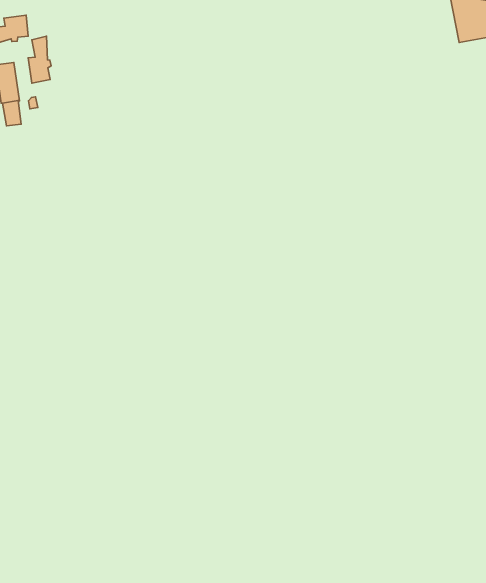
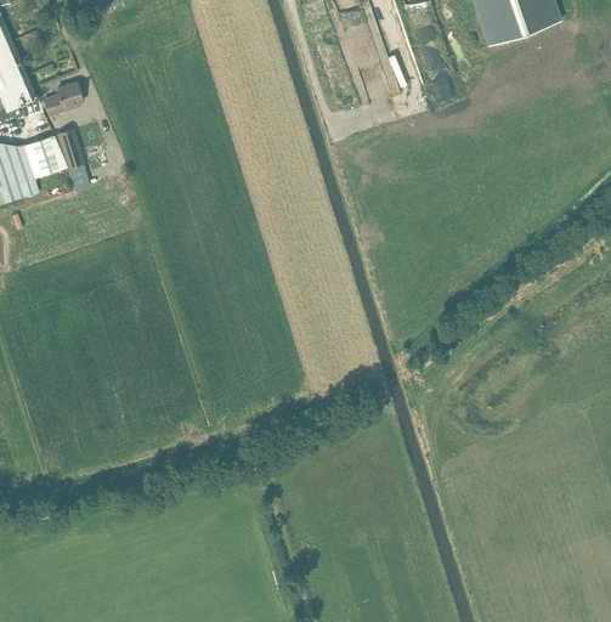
building: [28,36,51,83] -> none

